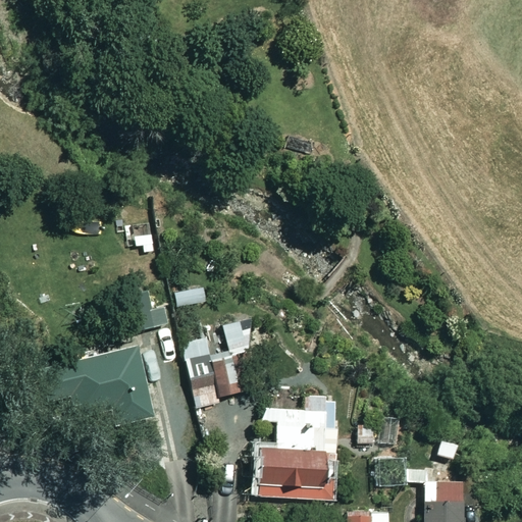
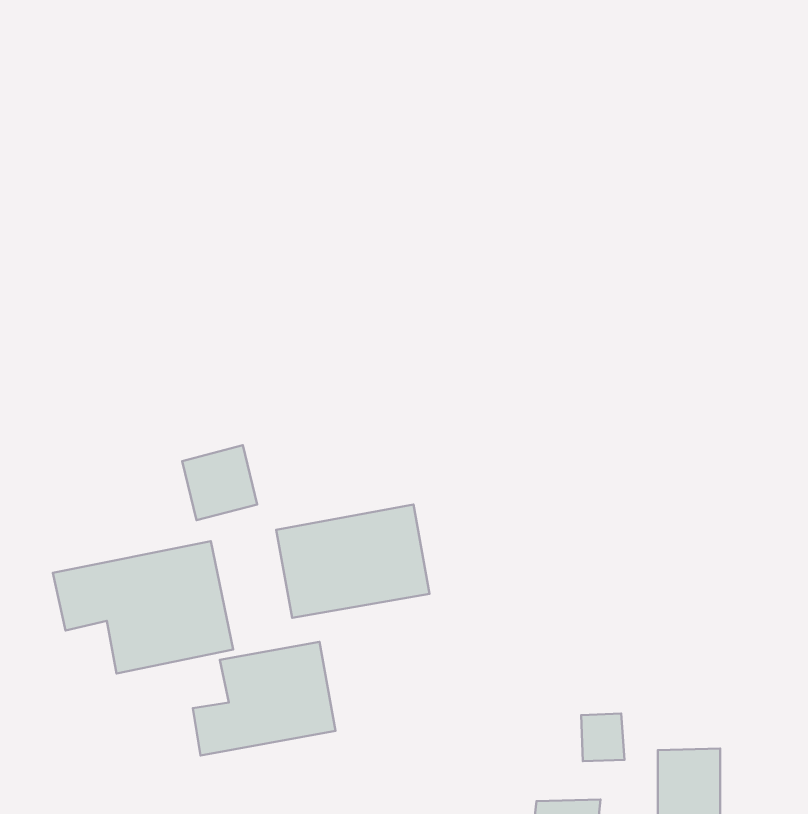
building: [257,408,337,499] -> none
building: none -> [193,642,335,755]

